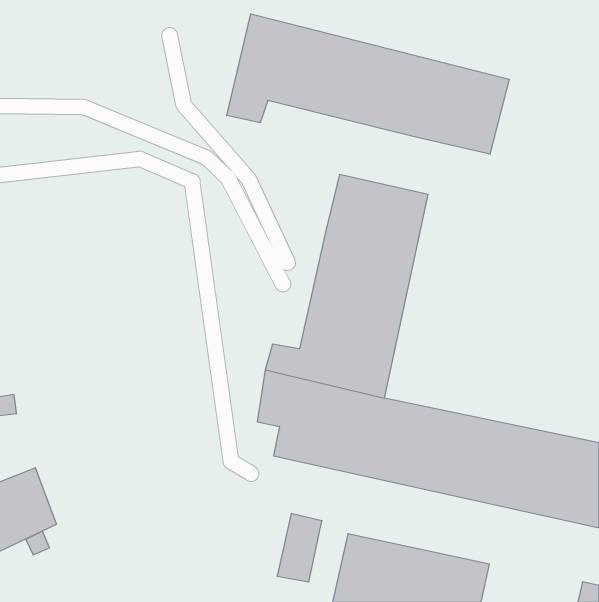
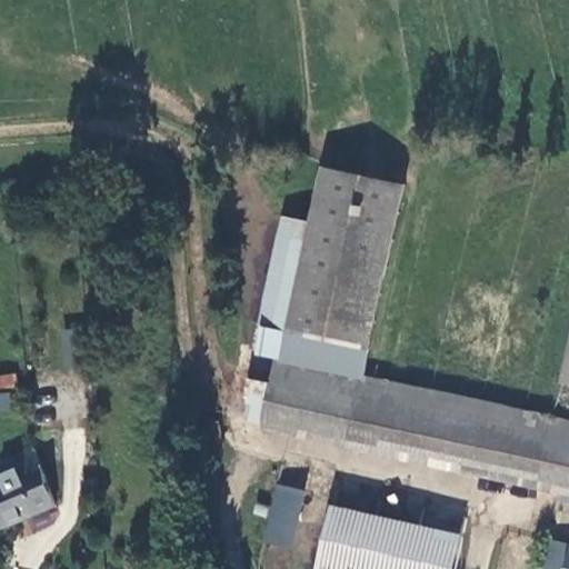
building: [227,14,509,154] -> none
building: none -> [257,214,307,329]

